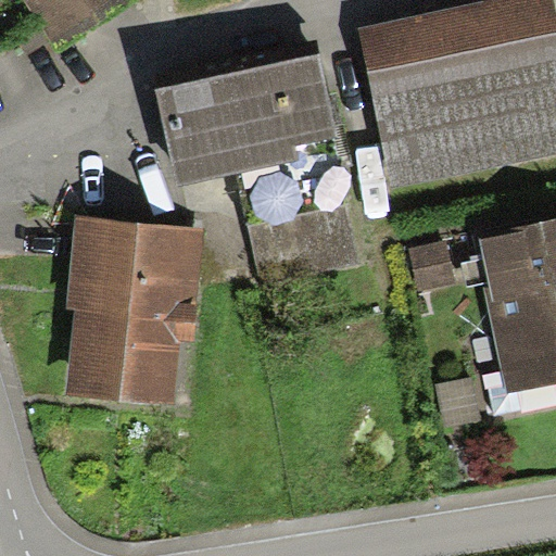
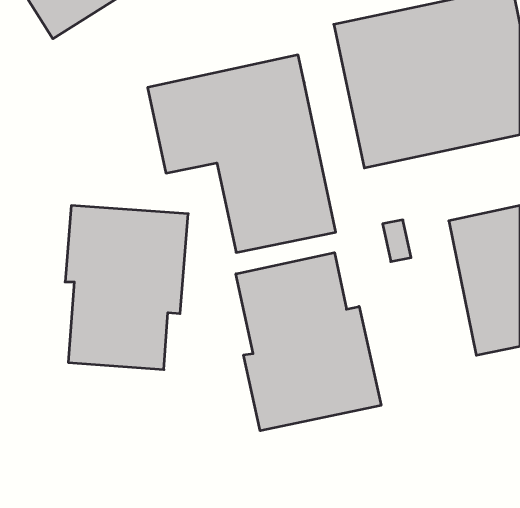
building: none -> [236,253,381,431]

